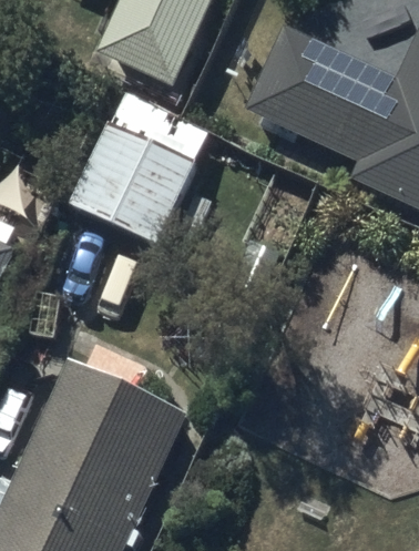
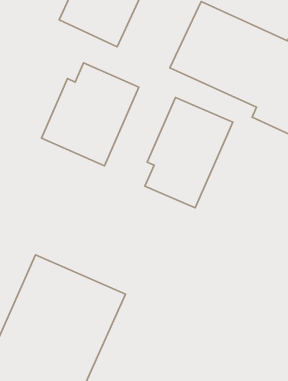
building: none -> [145,97,233,208]

